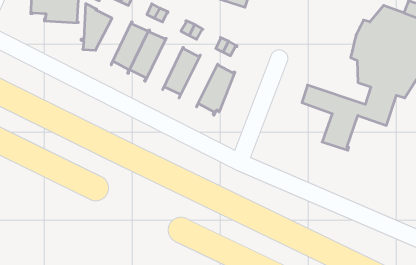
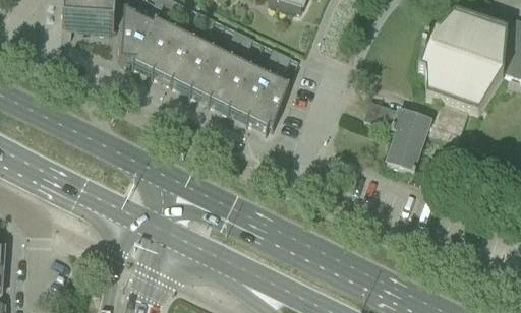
building: none -> [132,20,175,75]
building: none -> [190,47,232,104]
building: none -> [228,66,271,122]

